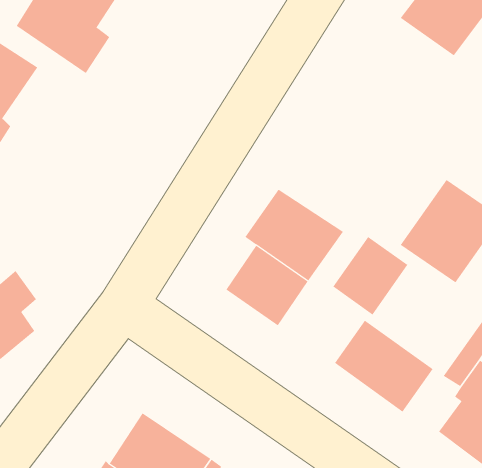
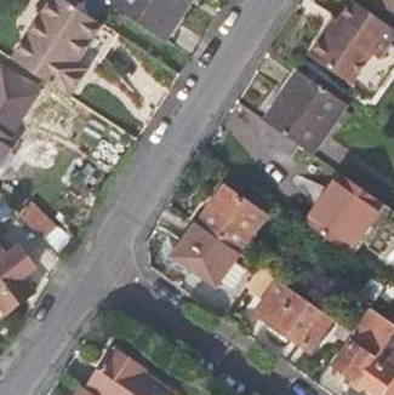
building: none -> [270,74,347,153]
building: [333,236,408,316] -> none

